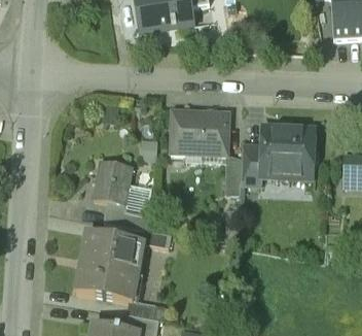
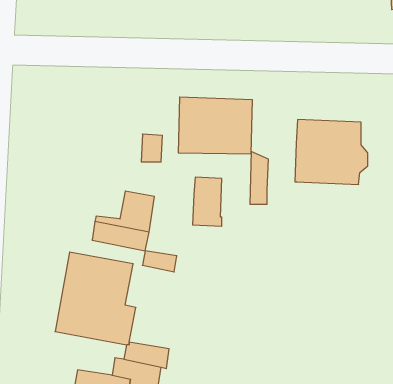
building: [240,144,262,182] -> [193,177,222,226]
building: [93,161,132,204] -> none

